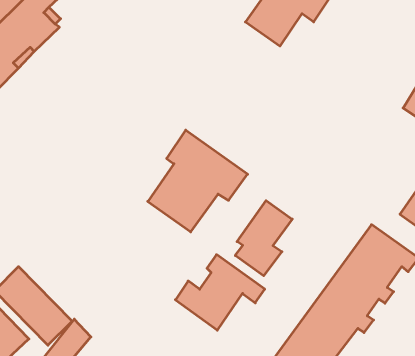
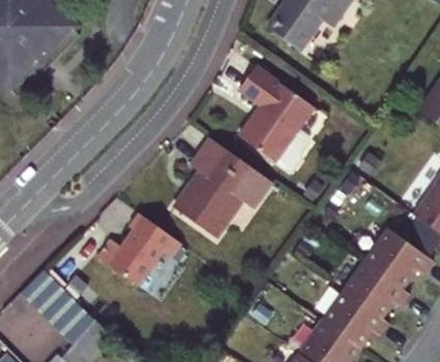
building: none -> [237,67,314,164]
building: [235,201,292,276] -> none
building: [175,255,265,330] -> [96,210,183,285]

